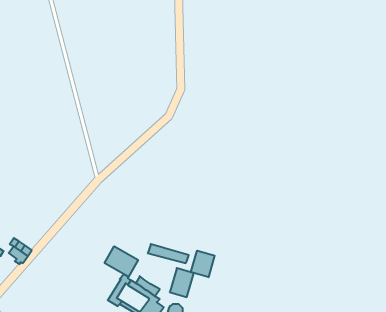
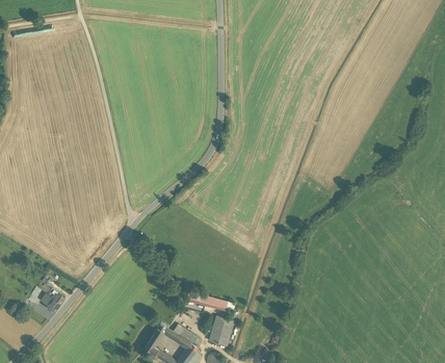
building: [105,246,138,277] -> none
building: [191,251,215,277] -> none

